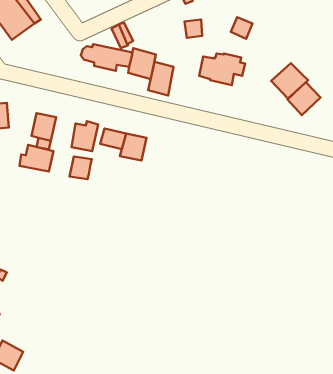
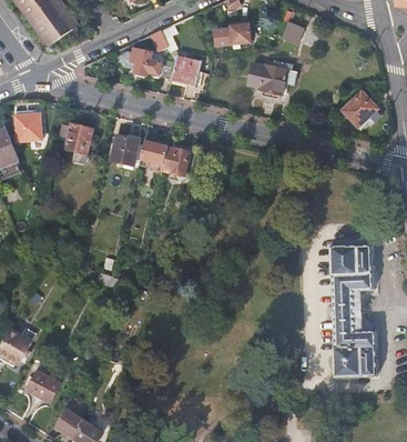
building: [148,62,174,96] -> none
building: [271,63,308,98] -> none
building: [20,145,53,171] -> none
building: [69,156,92,179] -> none
building: none -> [329,245,377,378]

